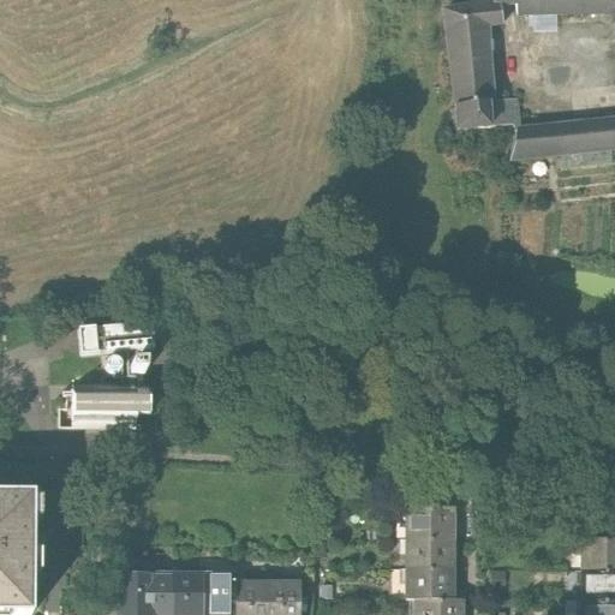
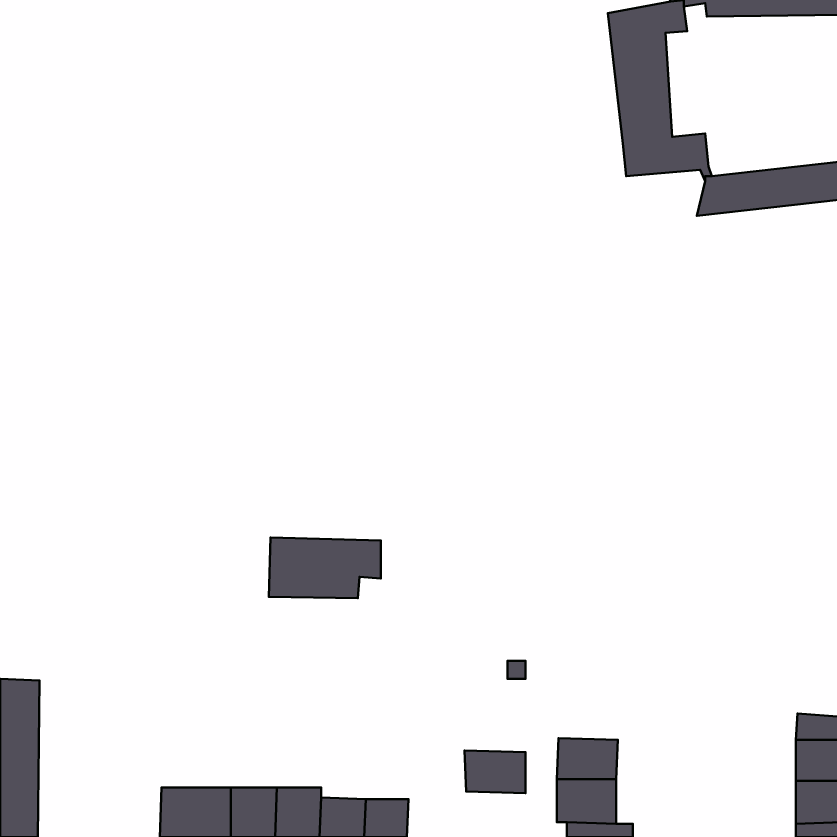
building: [71,384,153,429] -> [269,537,381,598]
building: [410,508,454,539] -> [465,750,525,793]

